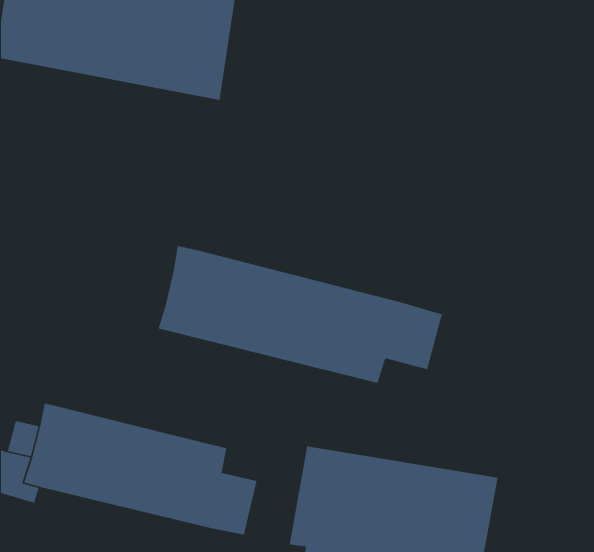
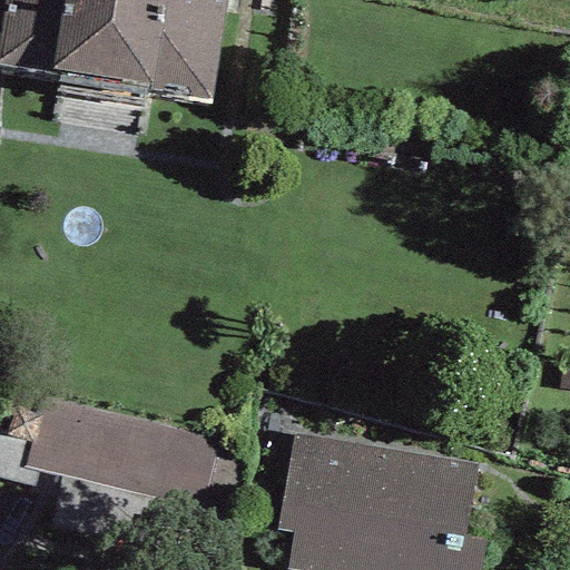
building: [158,245,443,384] -> none

